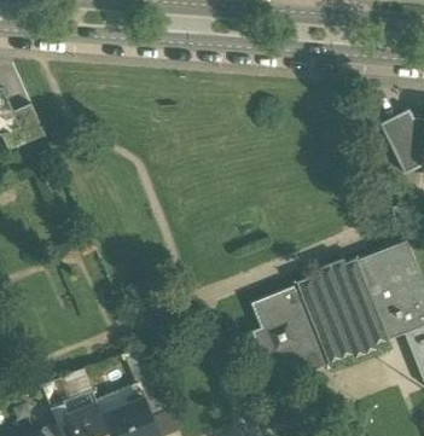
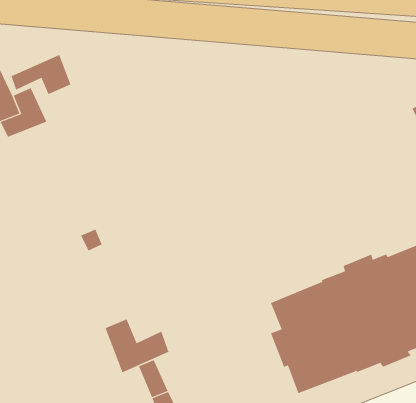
building: none -> [11,54,71,95]
building: none -> [105,318,169,373]

